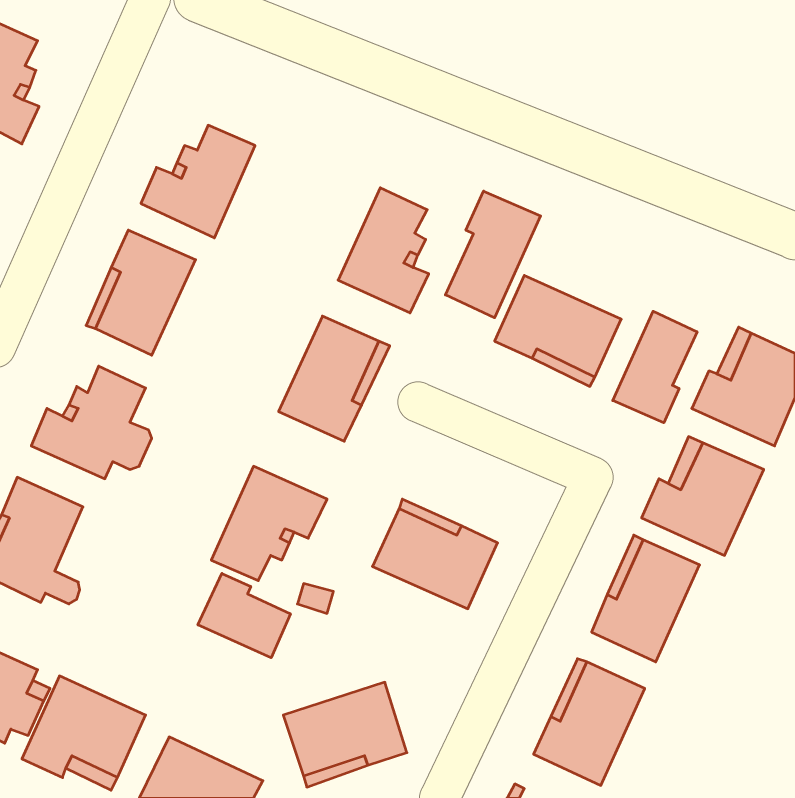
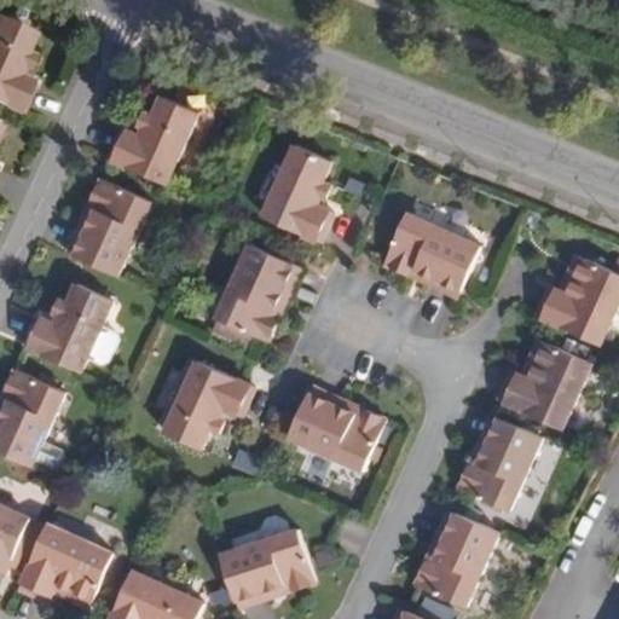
building: [445,191,541,318] -> none
building: [613,311,697,423] -> none
building: [198,573,290,658] -> none

